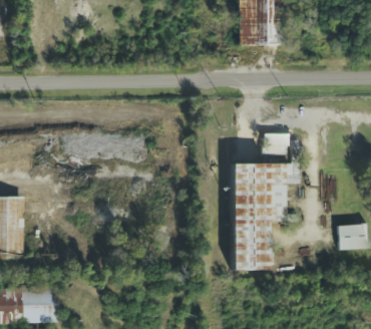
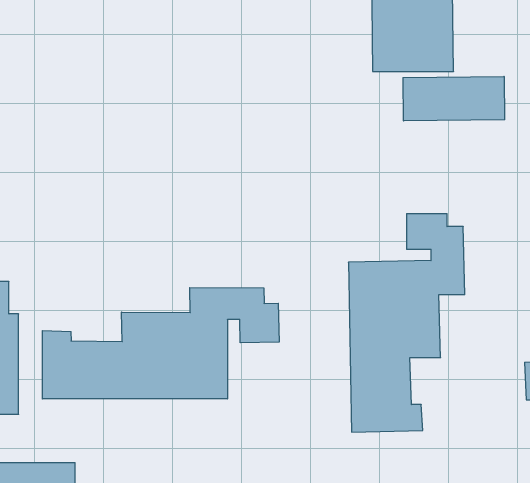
building: none -> [403,76,505,121]
building: none -> [42,288,279,399]

